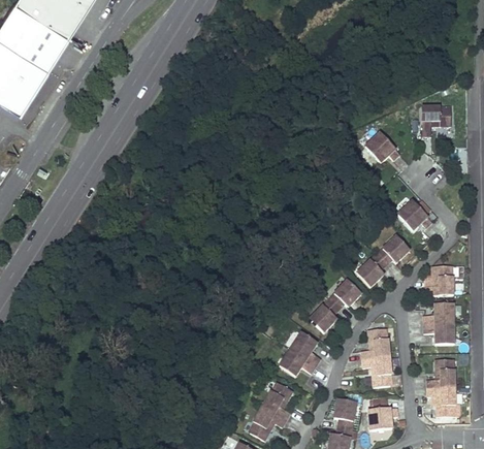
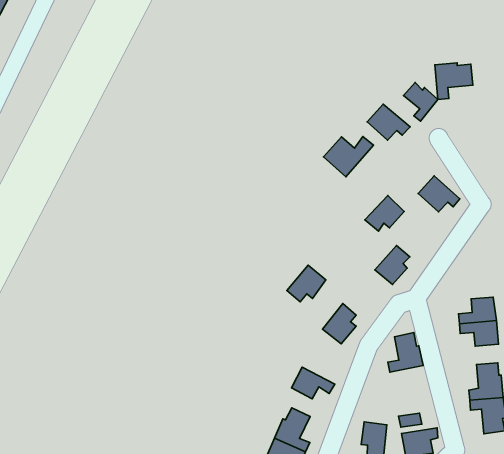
building: none -> [403,83,438,121]
building: none -> [323,137,374,177]
building: [377,236,410,265] -> [365,195,404,231]
building: [425,266,453,295] -> none
building: [328,280,361,310] -> [287,265,326,302]
building: [290,332,321,365] -> none
building: [362,356,392,387] -> none

